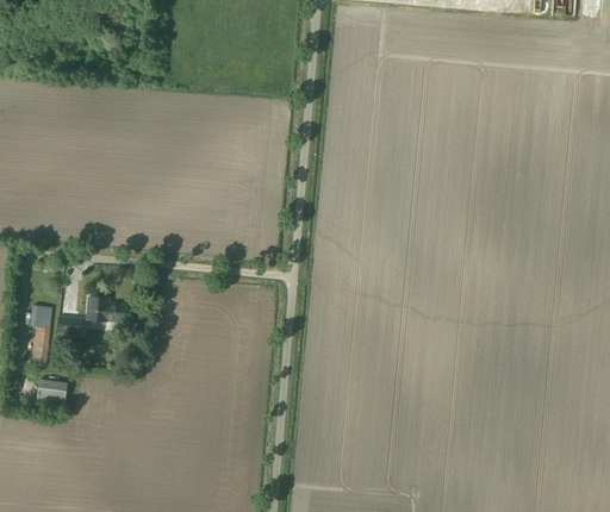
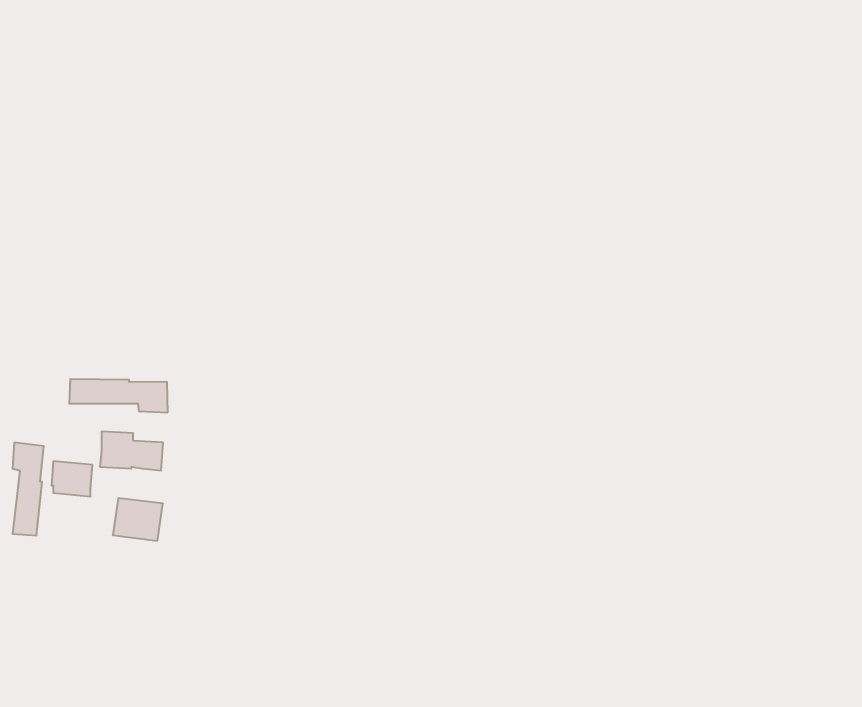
building: none -> [70,379,167,413]
building: [36,376,68,404] -> [113,498,163,541]

